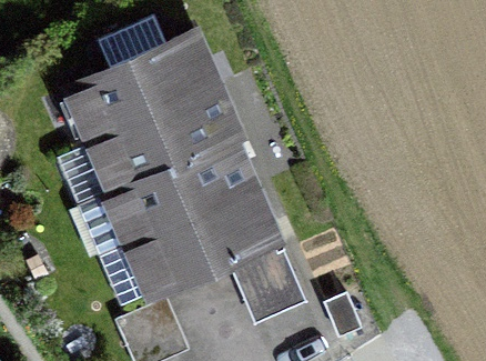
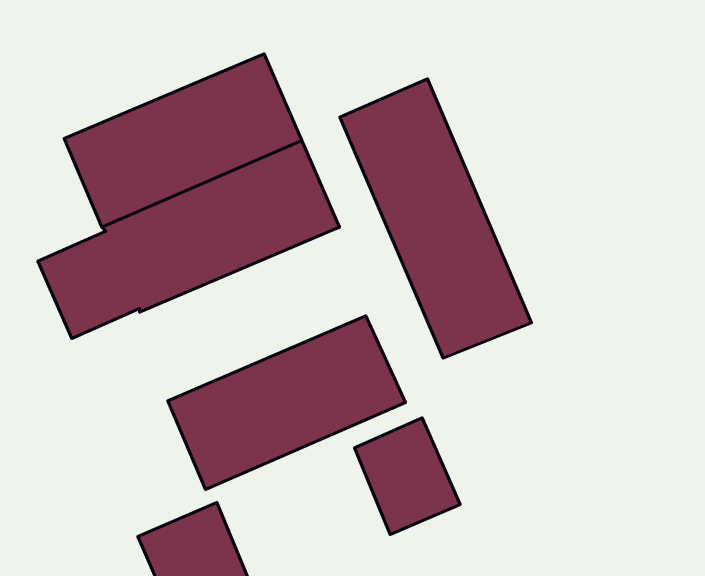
building: none -> [340,79,531,358]
building: [79,139,251,253] -> none

